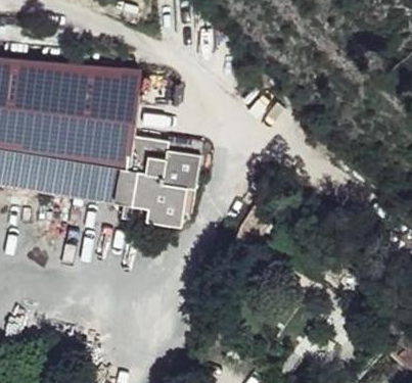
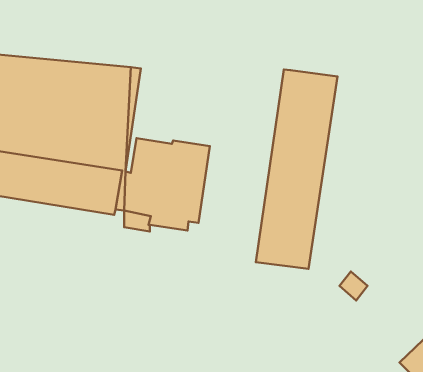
building: none -> [256,69,338,269]

